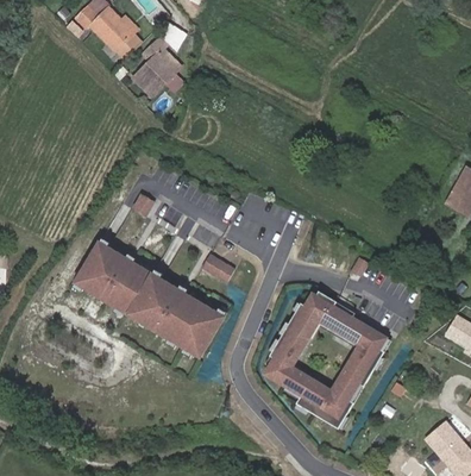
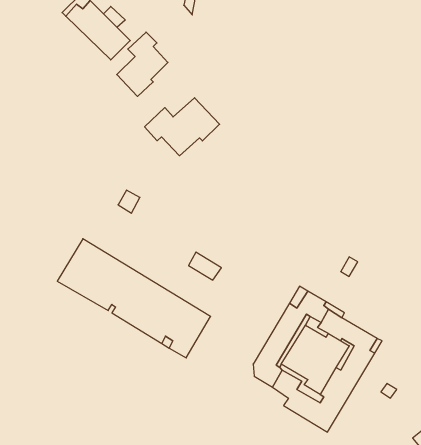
building: none -> [145,98,220,156]

